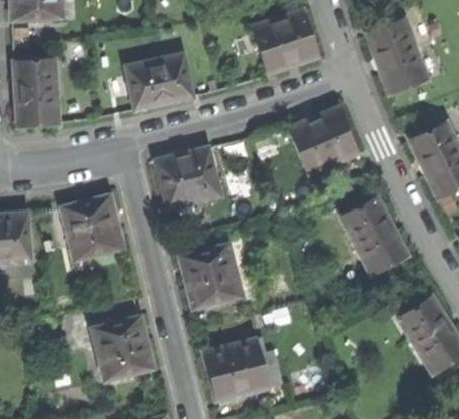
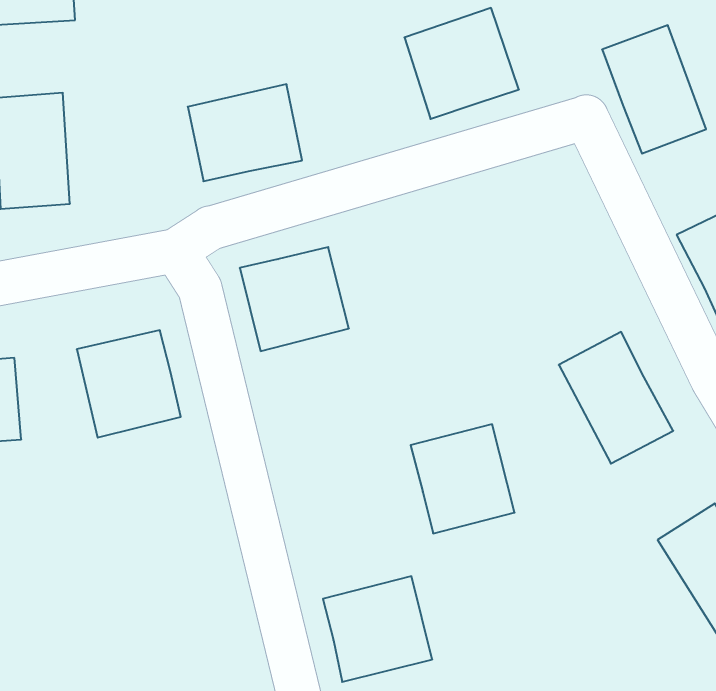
building: [290,108,357,173] -> none
building: [181,245,242,308] -> [411,424,515,533]
building: [93,317,154,380] -> none

